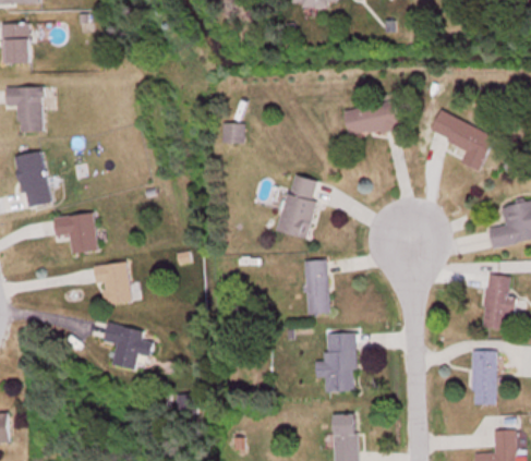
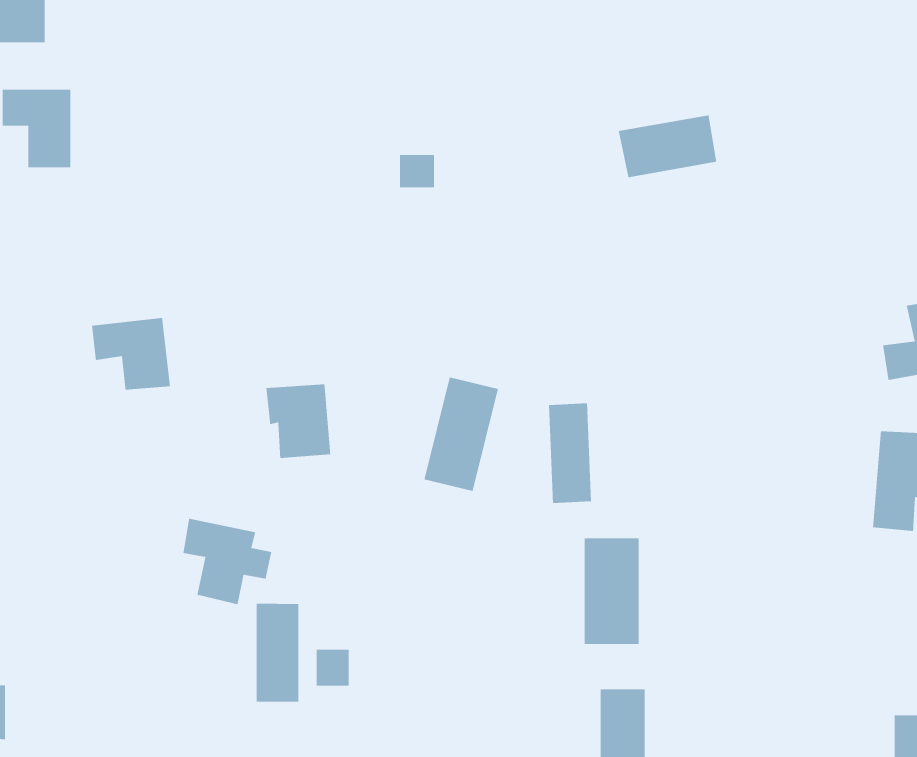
building: [430,110,494,170] -> none
building: [14,150,51,208] -> none
building: [278,174,319,238] -> [423,377,499,492]
building: [94,263,130,304] -> [265,383,331,459]
building: [471,351,495,404] -> none
building: none -> [256,603,299,703]

